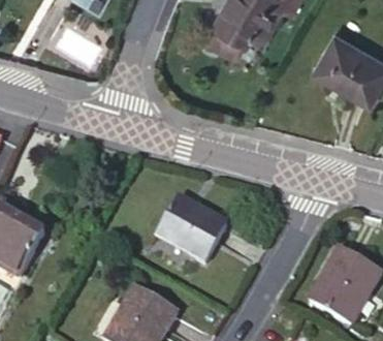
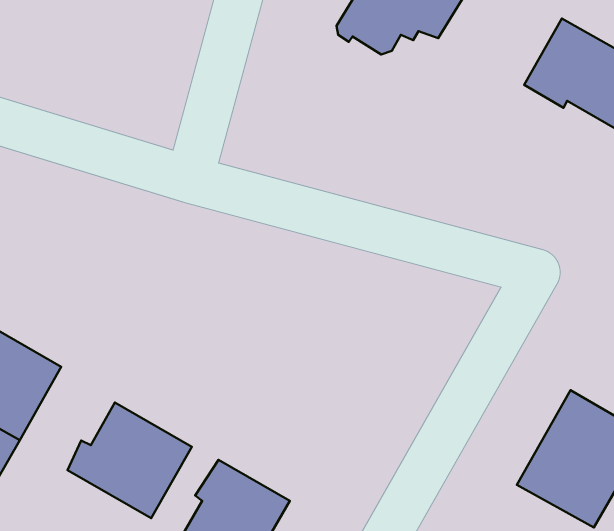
building: [157,194,229,261] -> none
building: none -> [67,402,192,518]

